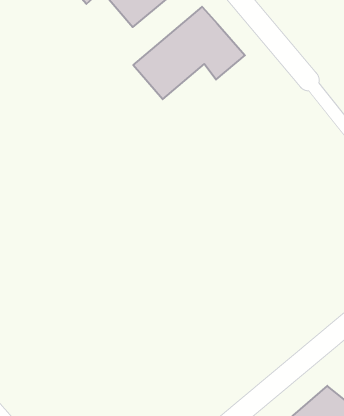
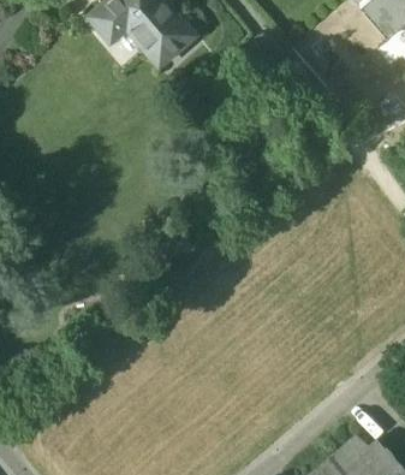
building: [133,7,245,99] -> none

